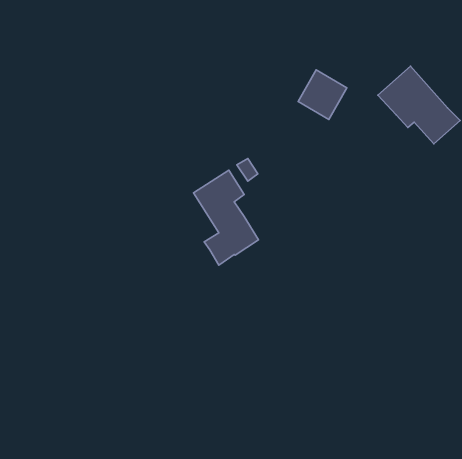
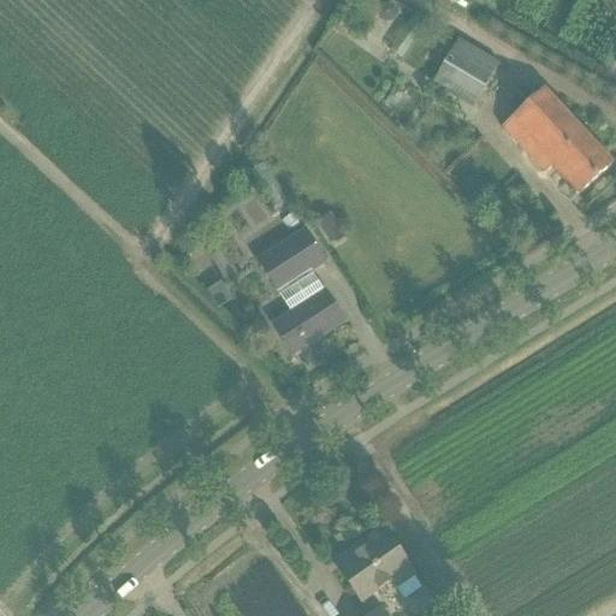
building: [298,70,347,120] -> [433,36,498,102]
building: none -> [338,526,419,599]

